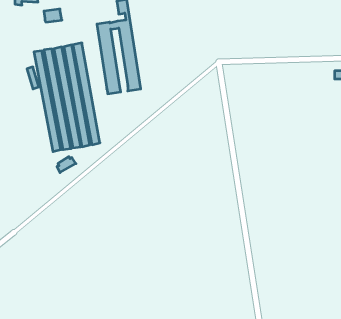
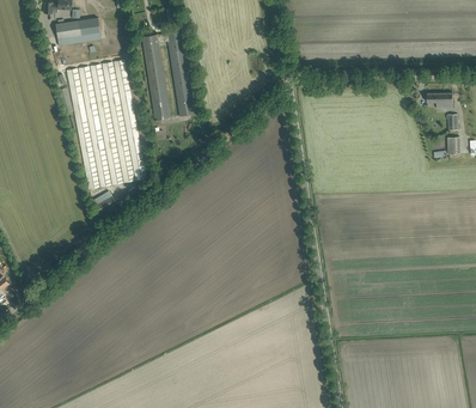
building: none -> [55,20,81,45]

